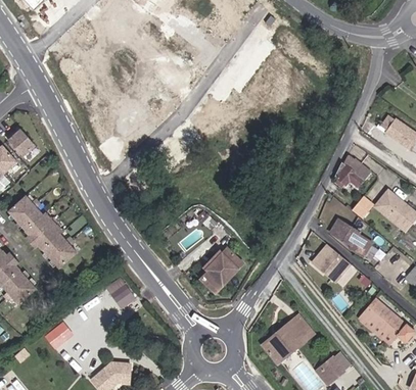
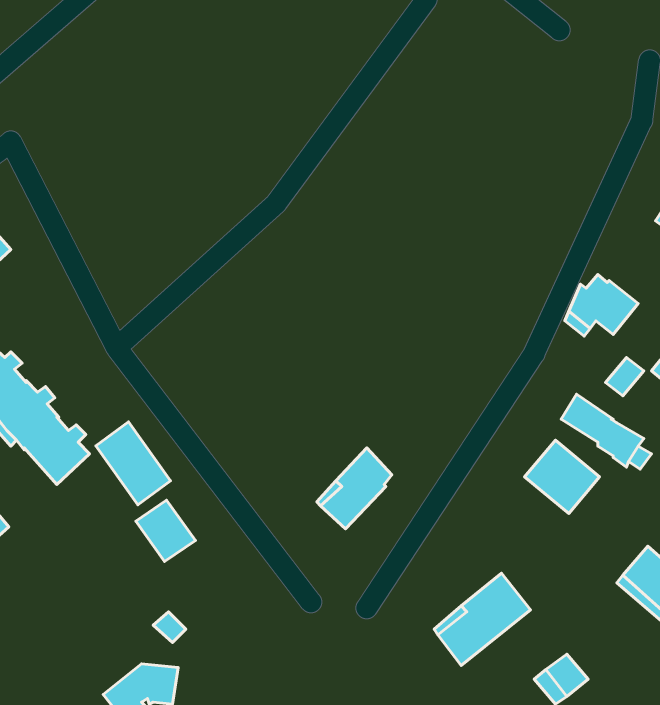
building: none -> [96,422,171,505]
building: [44,321,74,347] -> none

